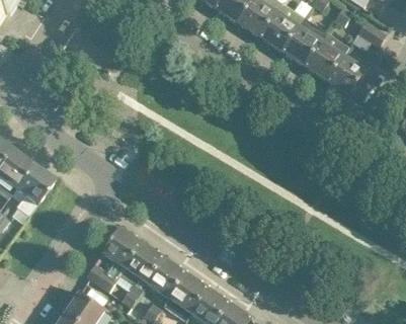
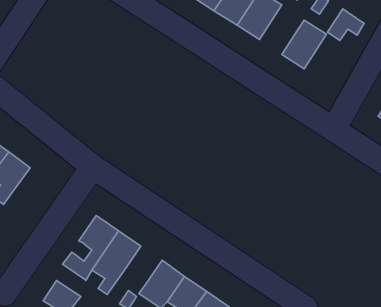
building: [283,16,328,66] -> none
building: [328,55,368,95] -> none
building: [148,257,186,297] -> none

